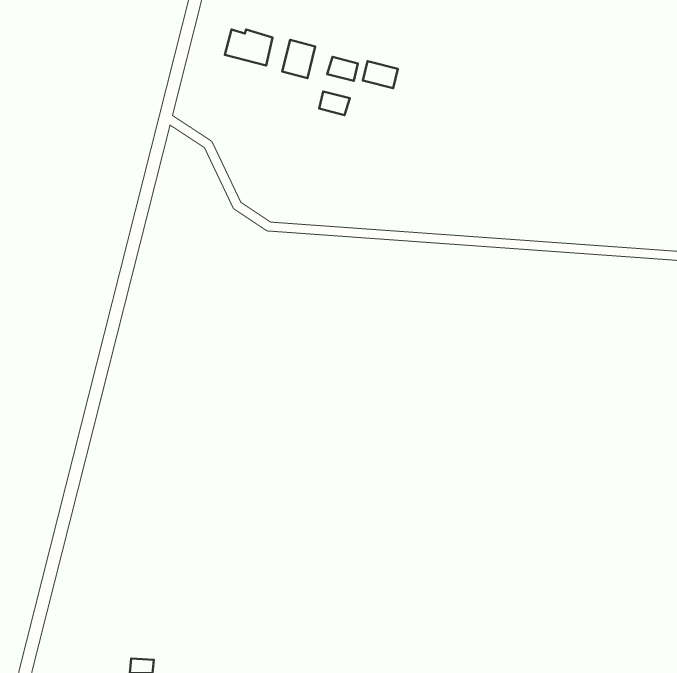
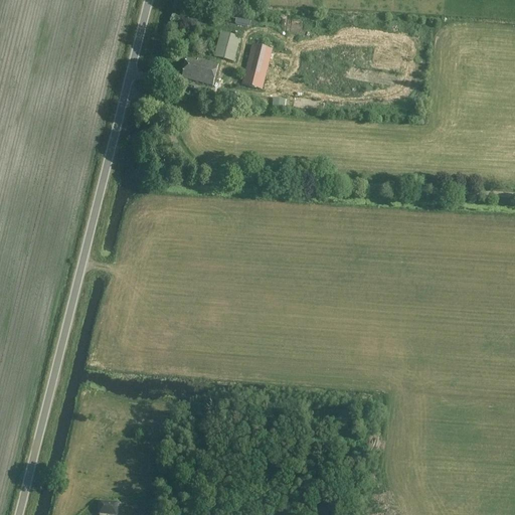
building: [225,30,273,65] -> [182,56,218,83]
building: [363,61,398,88] -> none

